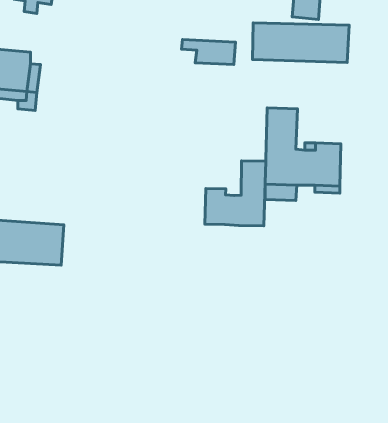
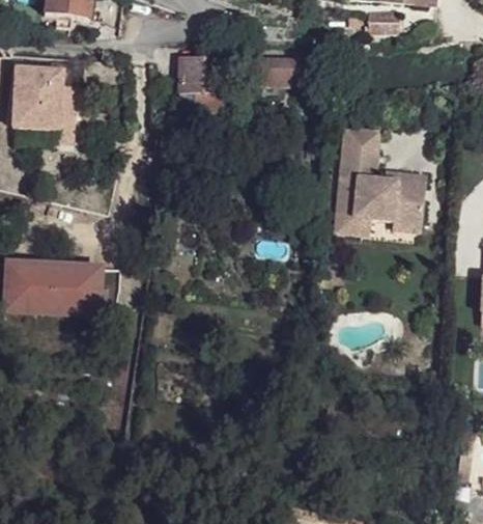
building: [252,23,349,63] -> none
building: none -> [176,53,224,110]
building: [205,161,266,226] -> none

